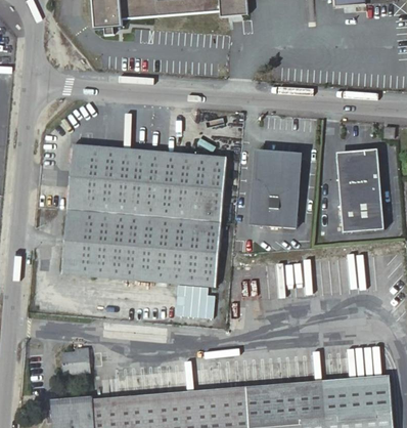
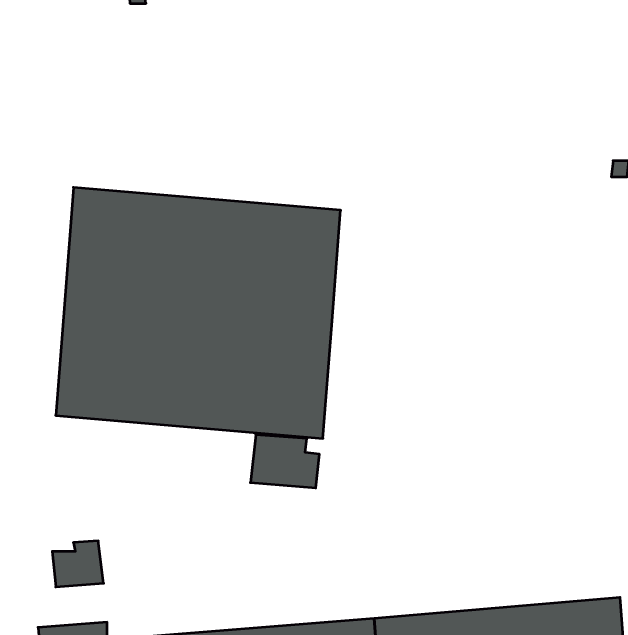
building: [336,147,383,231] -> none
building: [251,152,301,225] -> none

